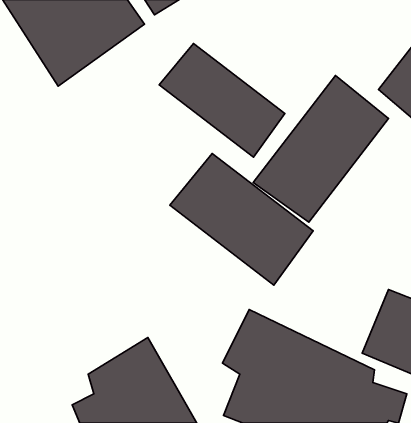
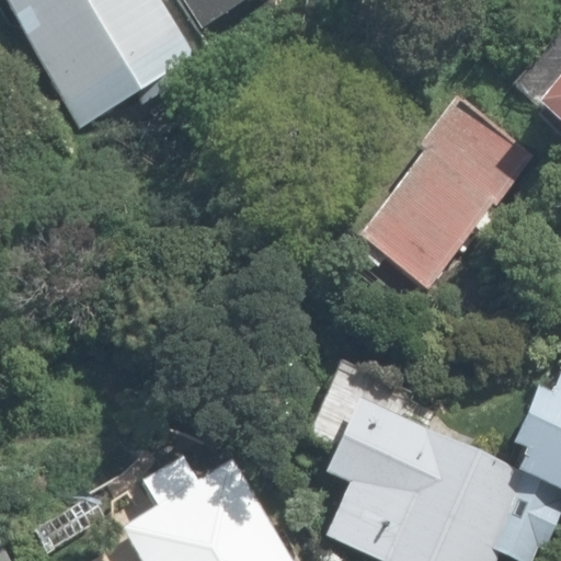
building: [159,44,285,157] -> none
building: [170,153,313,285] -> none

